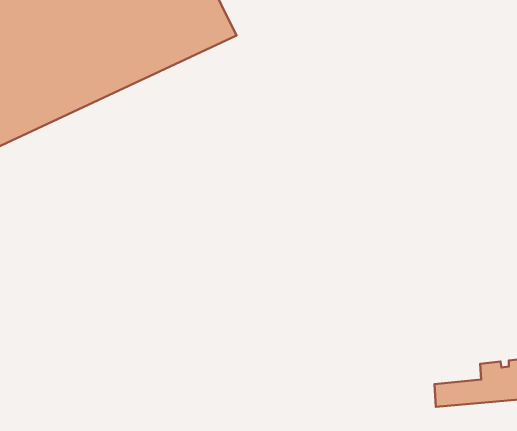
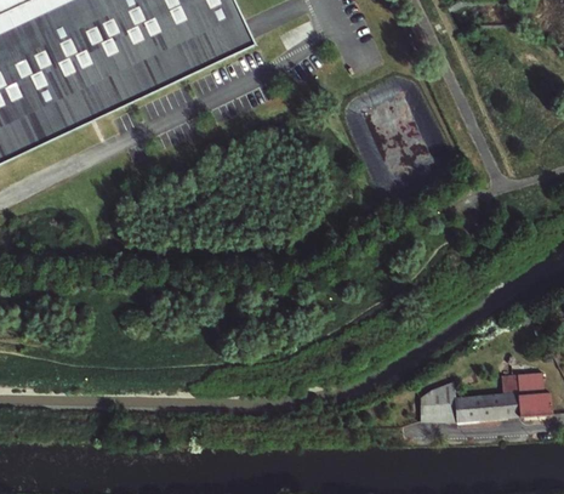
building: none -> [420,396,457,420]

